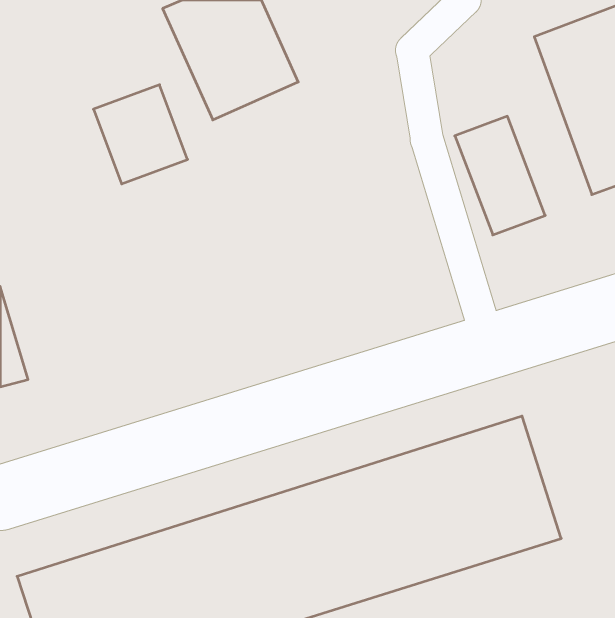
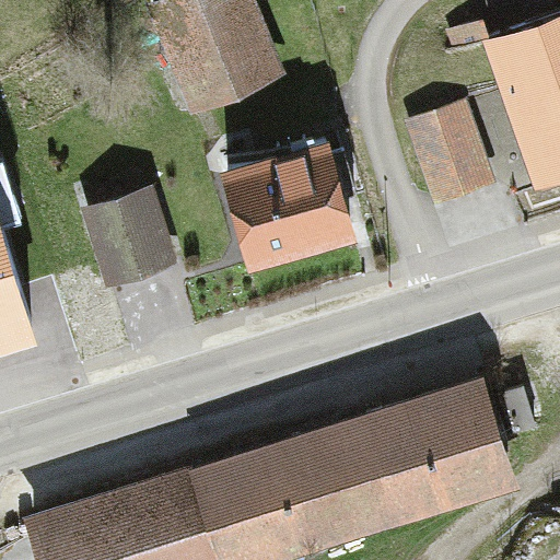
building: [93,85,188,184] -> [83,195,167,283]
building: none -> [223,145,341,260]

